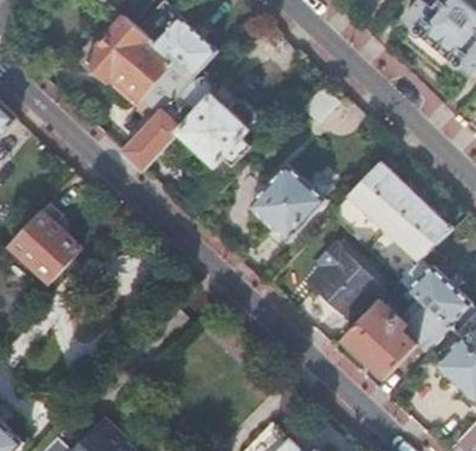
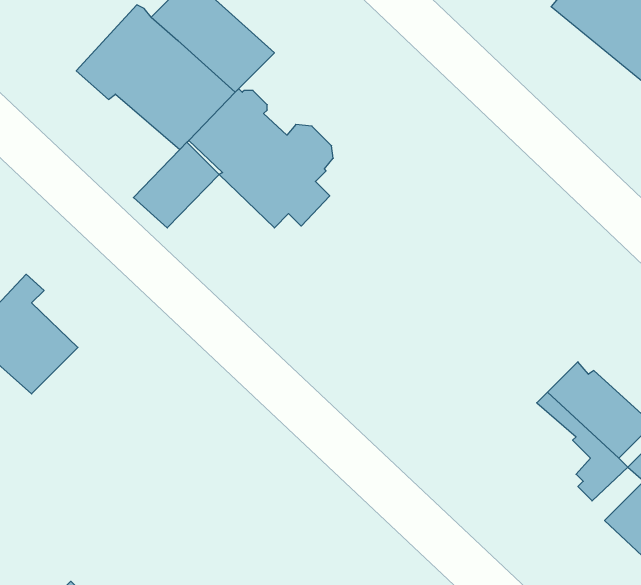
building: [349,158,448,261] -> none
building: [246,164,325,242] -> none
building: [310,244,380,320] -> none
building: [344,299,420,376] -> none

